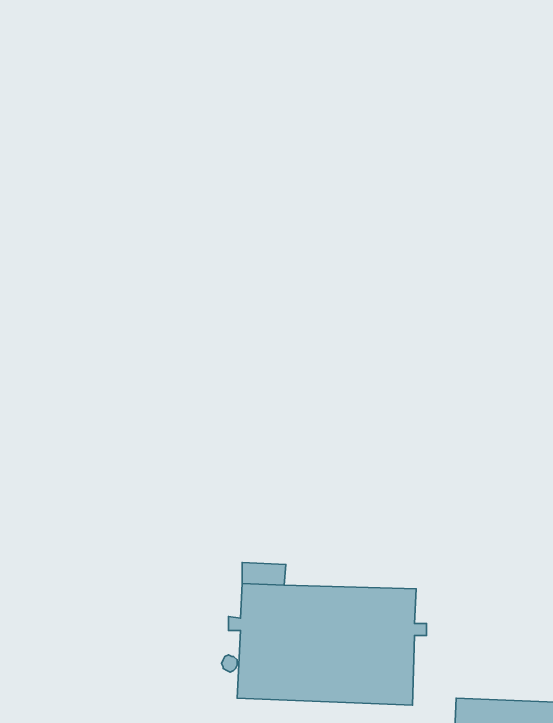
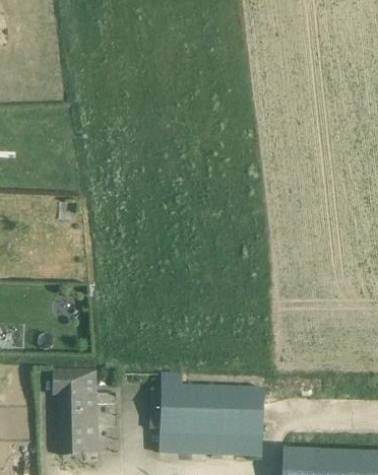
building: none -> [55,369,98,453]

